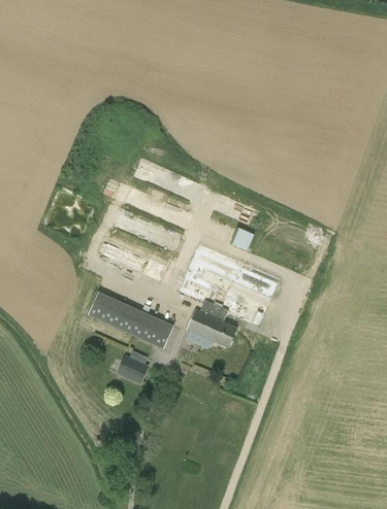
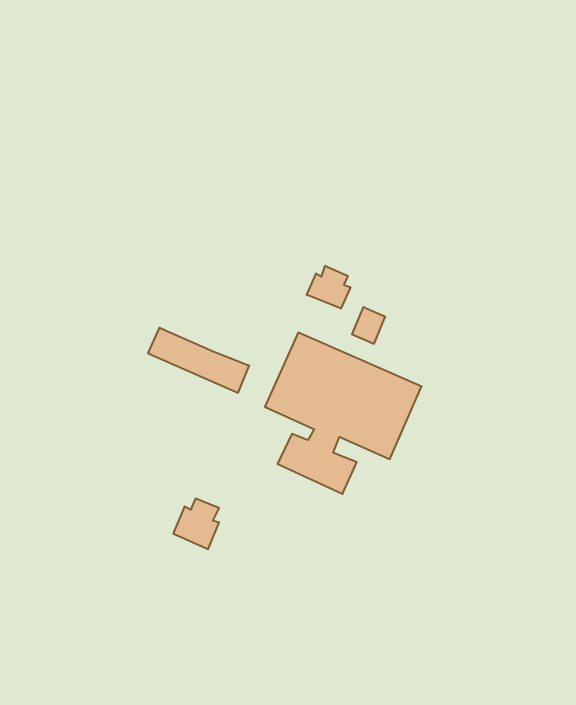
building: none -> [307,266,350,309]
building: [94,297,176,351] -> none

